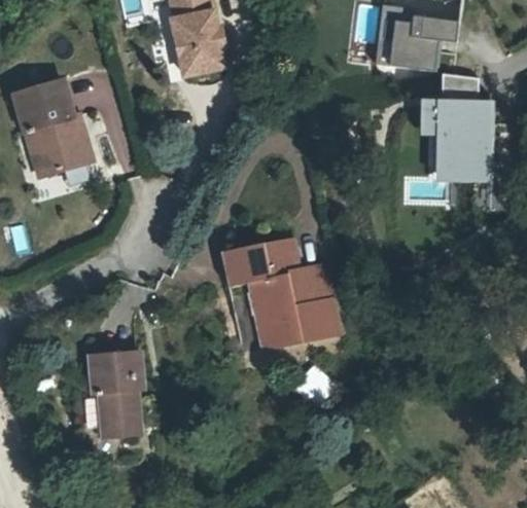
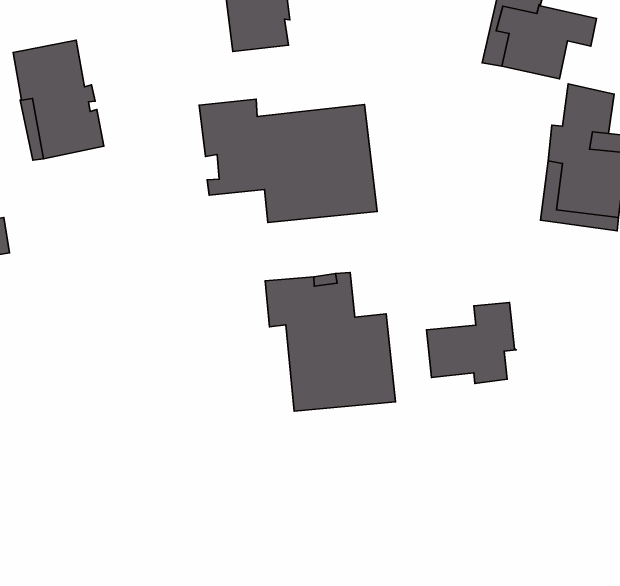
building: none -> [199,99,377,223]
building: none -> [427,302,516,384]
building: [90,353,141,434] -> none

